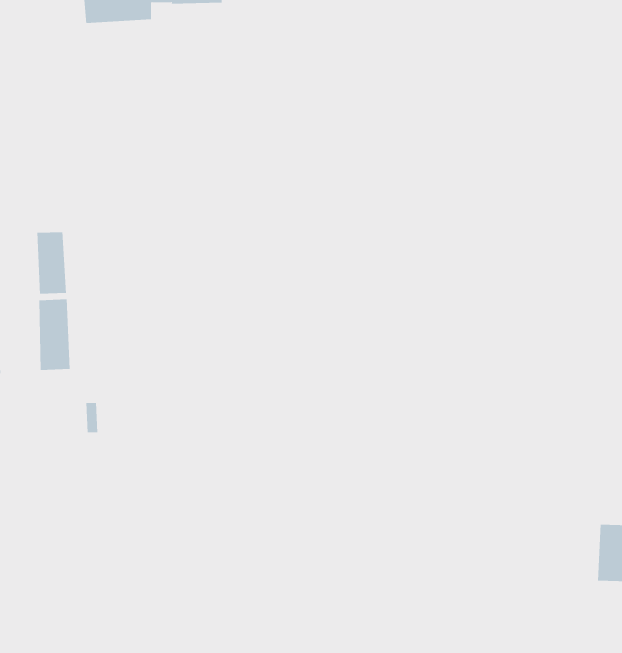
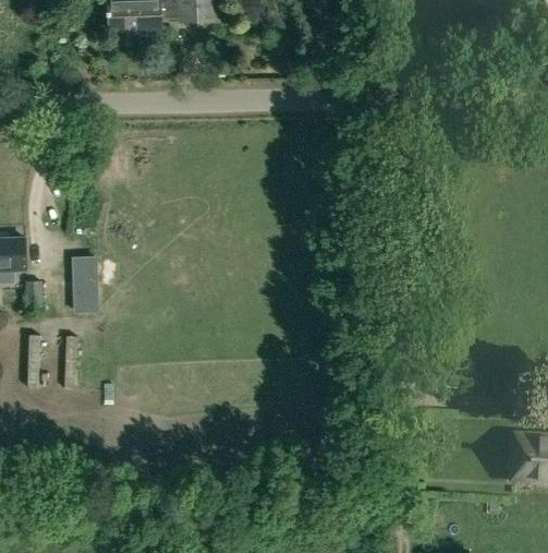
building: [37,231,66,295] -> none

